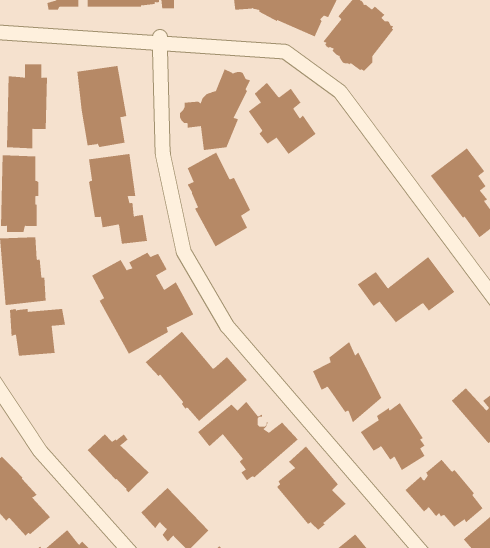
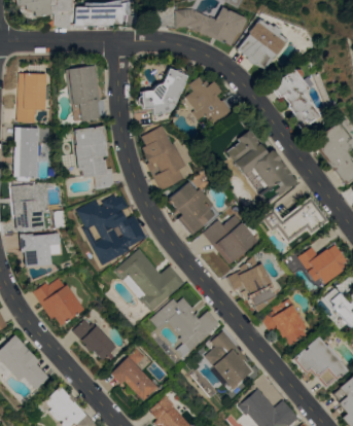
building: none -> [272,69,323,131]
building: none -> [227,130,296,205]
building: none -> [169,182,216,236]
building: none -> [204,215,260,264]
building: none -> [298,245,348,285]
building: none -> [35,279,85,326]

